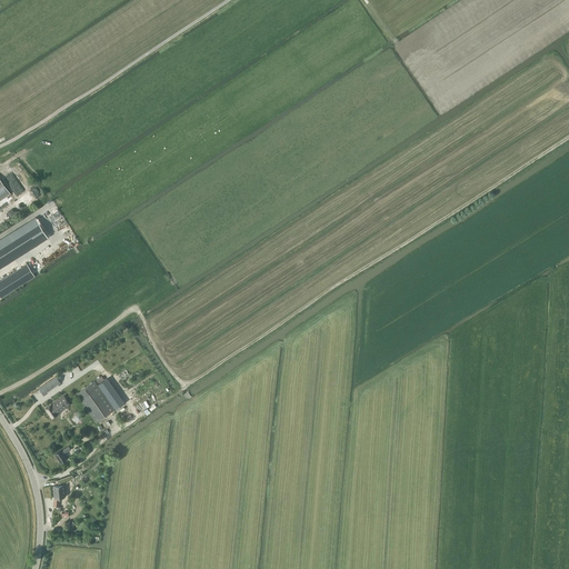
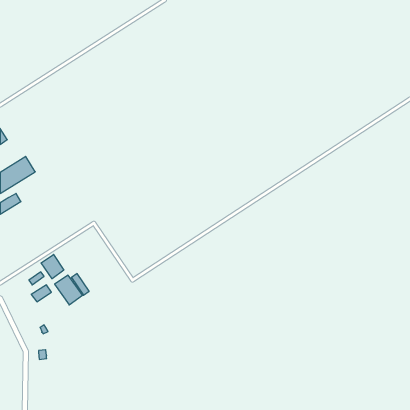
building: none -> [41,254,64,279]

